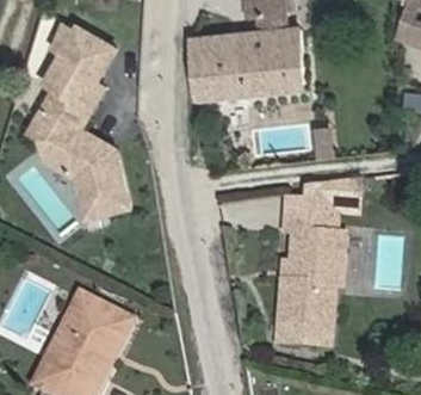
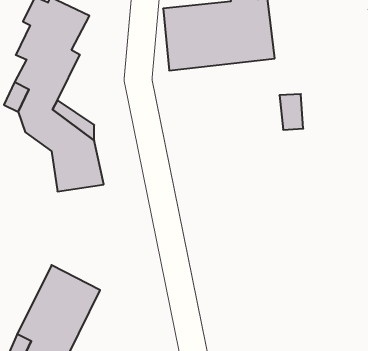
building: [281,202,342,348] -> none

